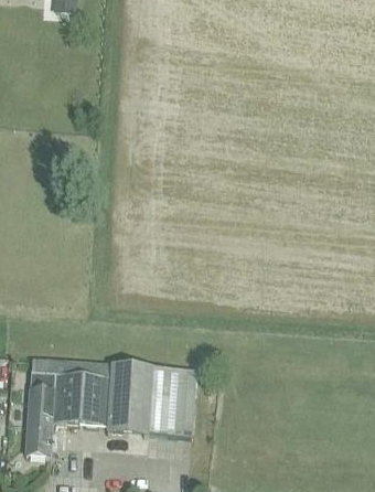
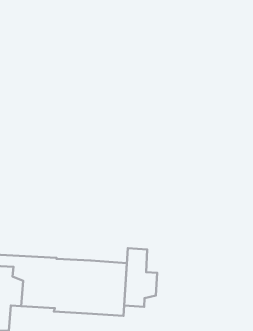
building: none -> [124,248,157,307]

